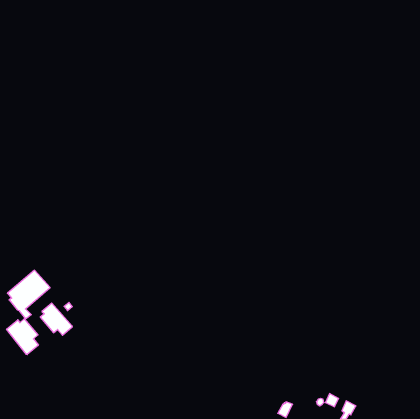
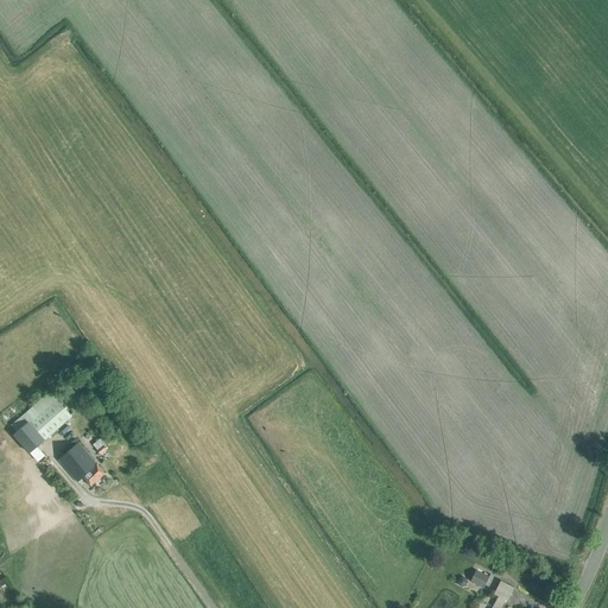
building: [7,319,38,355] -> none

